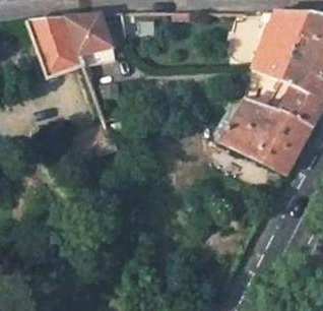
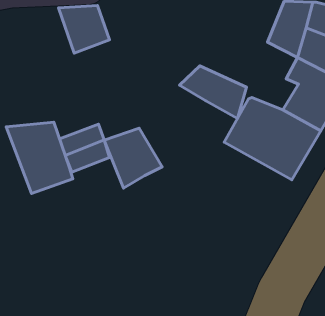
building: [23,14,84,79] -> [6,122,73,193]
building: none -> [180,66,246,118]
building: none -> [104,128,162,188]

